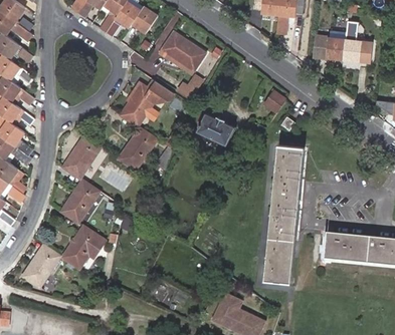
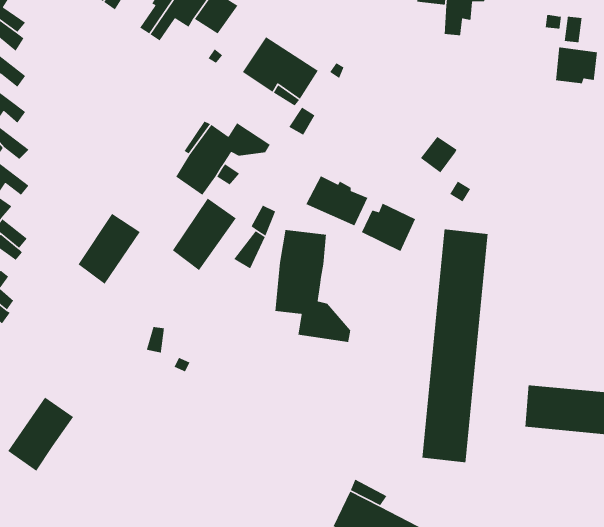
building: [320,29,346,58] -> none
building: none -> [361,202,416,252]
building: none -> [274,229,351,343]
building: [60,179,98,222] -> none
building: [61,225,104,267] -> none

